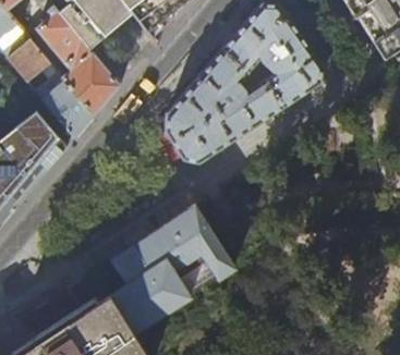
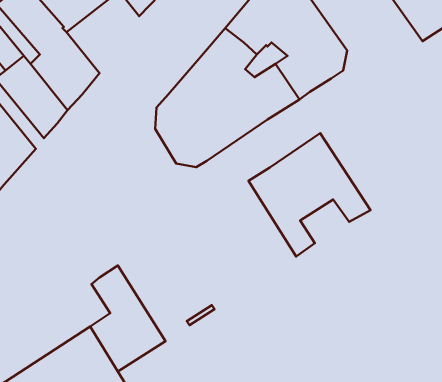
building: [133,204,233,305] -> [249,133,370,256]

